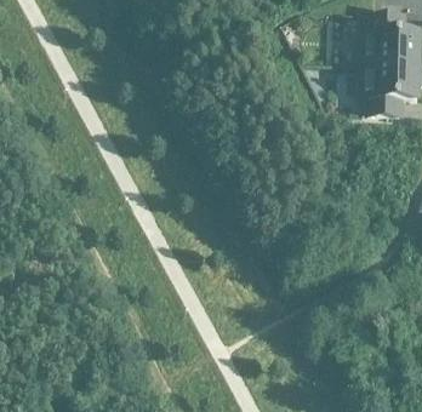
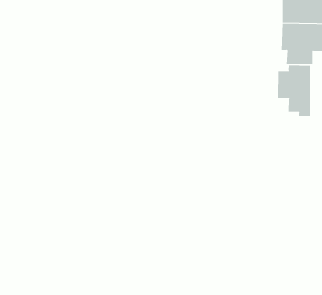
building: none -> [277,65,311,119]

